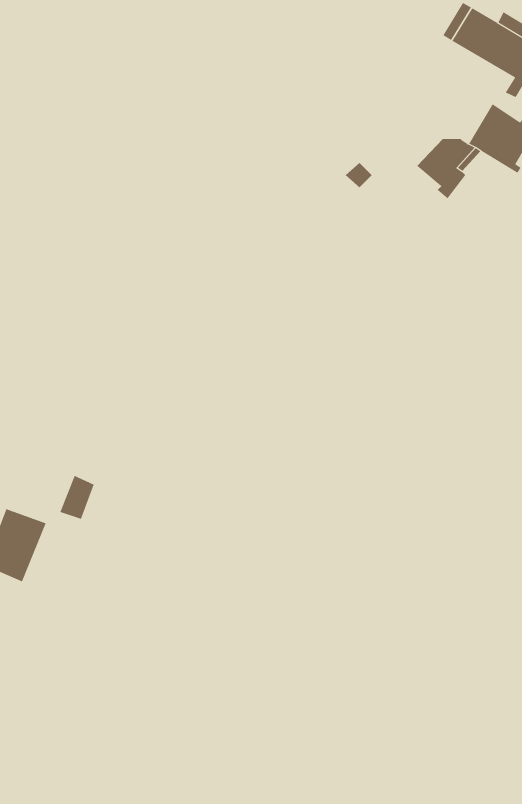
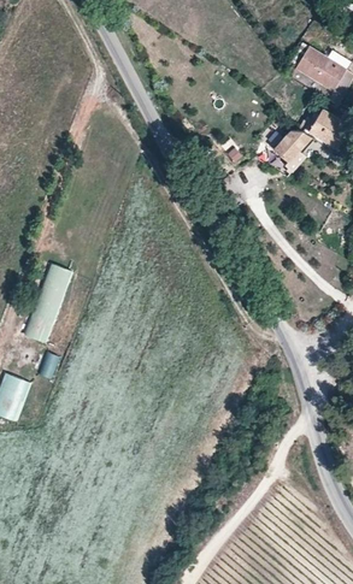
building: none -> [25,264,75,346]

